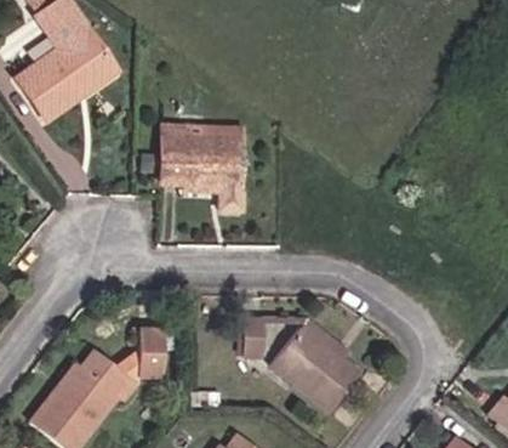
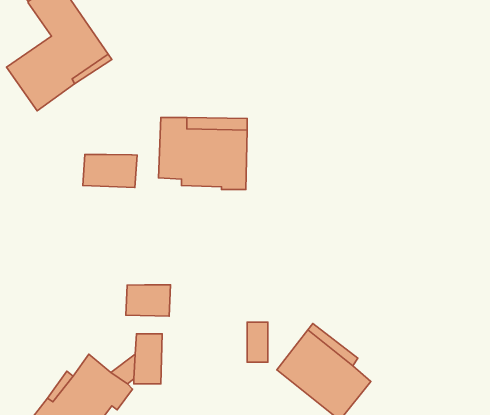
building: none -> [83,154,137,188]
building: none -> [126,285,170,316]

